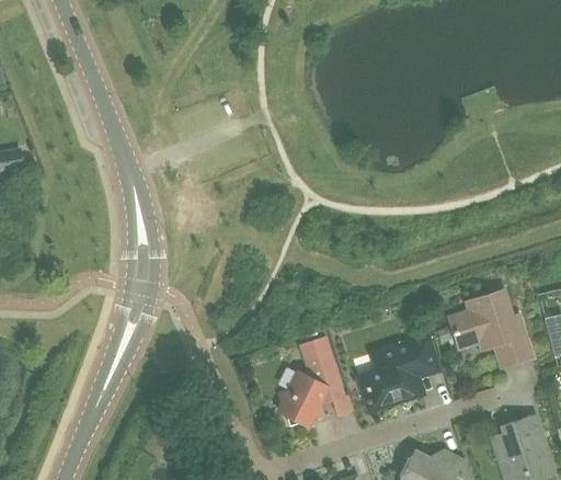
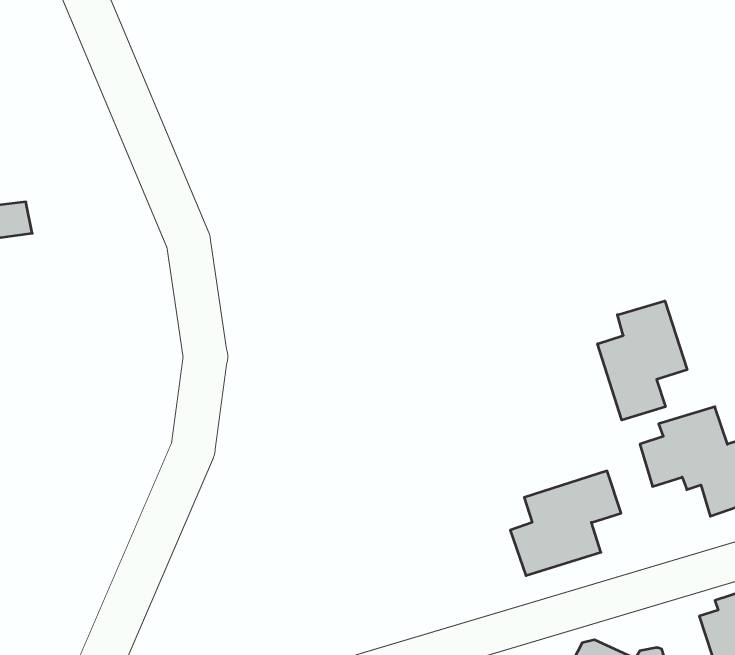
building: none -> [598,301,687,420]
building: [279,340,354,425] -> none

